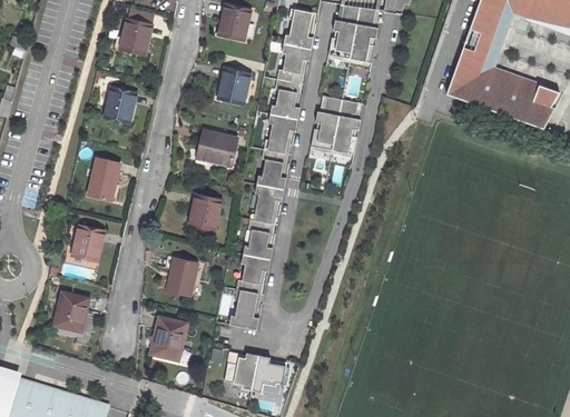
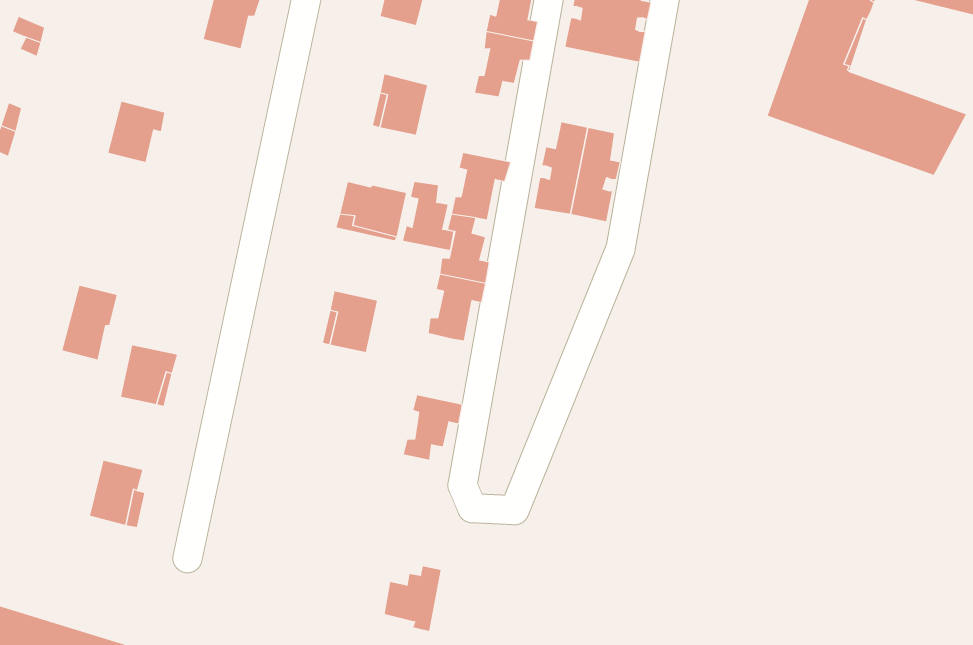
building: [271,80,301,120] -> [402,181,454,251]
building: [104,87,137,122] -> [108,101,165,163]
building: [88,158,120,201] -> [62,285,117,360]
building: [244,219,273,260] -> none
building: [167,257,198,297] -> none
building: [229,289,259,330] -> none
building: [150,318,188,360] -> none
building: [252,356,286,393] -> none

